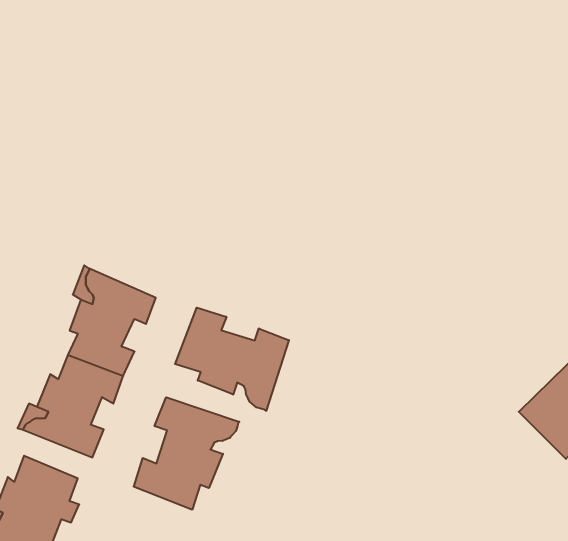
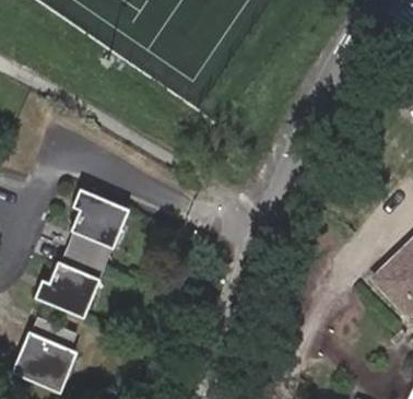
building: [175,308,289,411] -> none
building: [134,397,239,510] -> none

